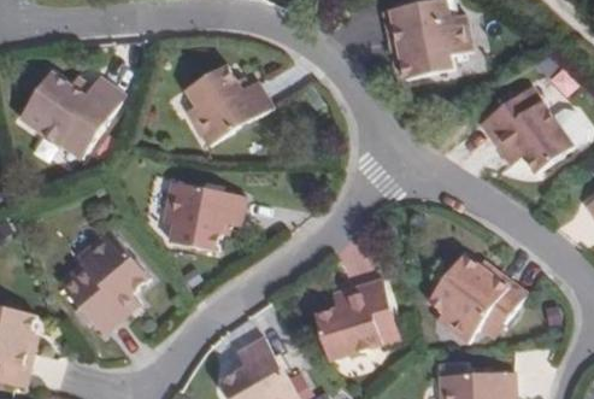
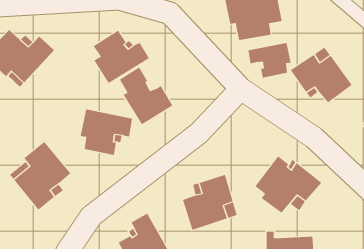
building: none -> [248,42,291,78]
building: none -> [119,66,173,125]

